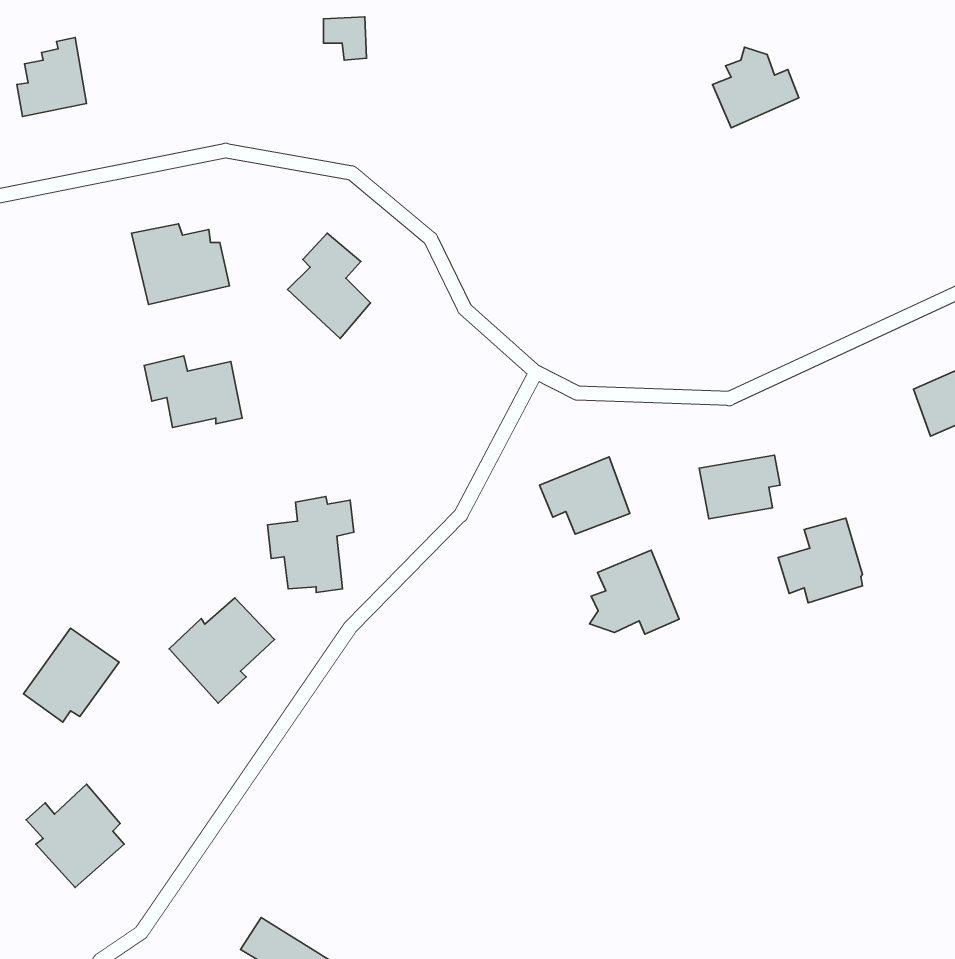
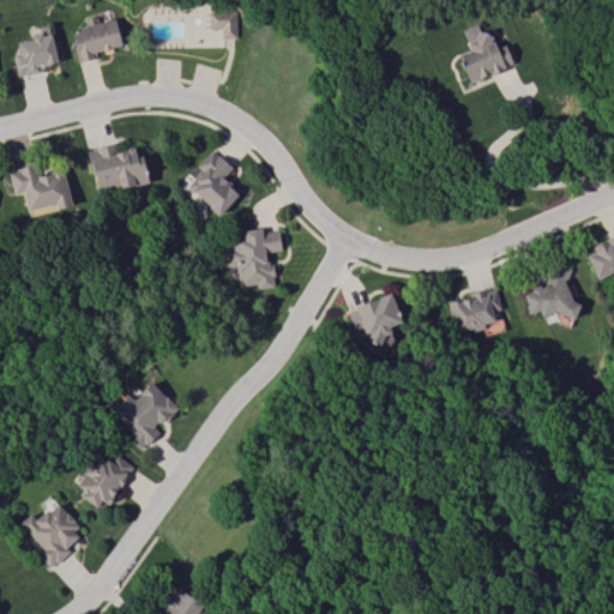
building: none -> [71,19,124,64]
building: [144,356,242,427] -> [11,167,73,212]
building: [267,497,354,592] -> [227,228,282,289]
building: [778,518,863,603] -> [524,266,578,320]
building: [590,550,679,634] -> none
building: [23,628,119,722] -> [74,447,136,507]

